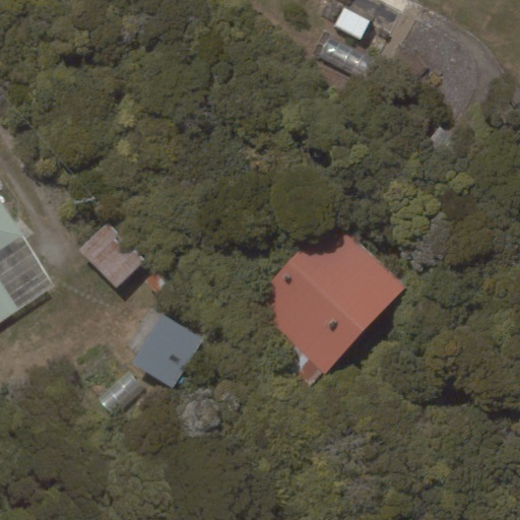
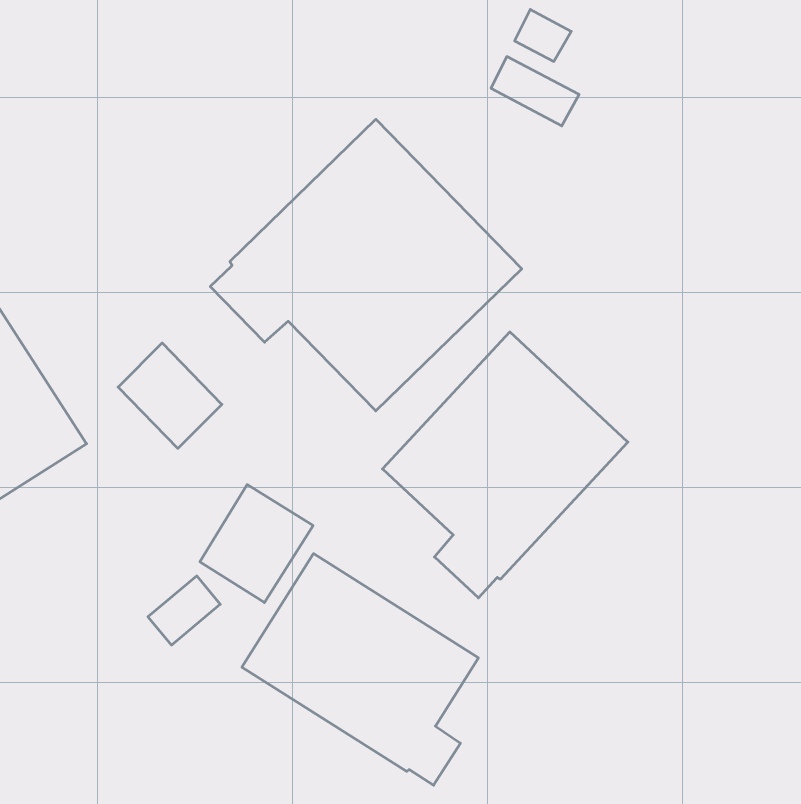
building: none -> [210,119,522,411]
building: none -> [242,554,478,785]

